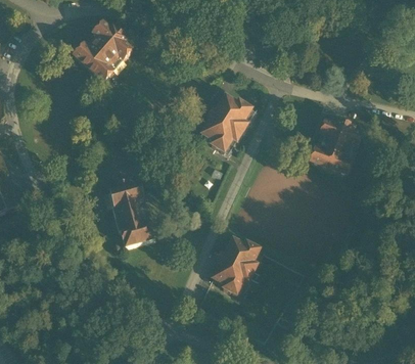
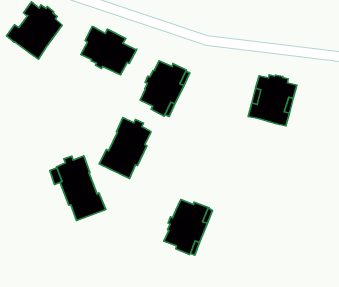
building: none -> [81,27,137,75]
building: none -> [99,117,151,179]

